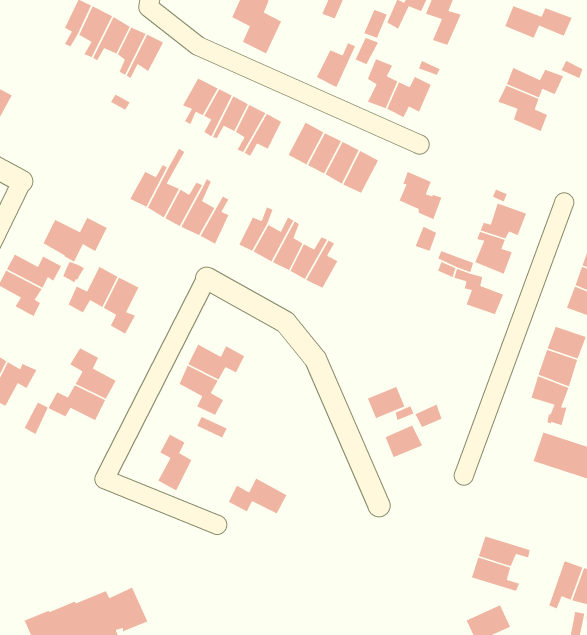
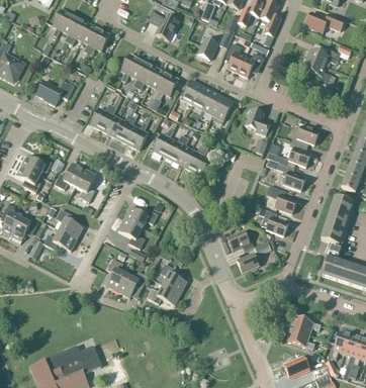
building: [43,217,108,263] -> [36,79,74,105]
building: none -> [266,185,296,213]
building: none -> [258,207,288,235]
building: none -> [160,263,187,293]
building: none -> [117,271,148,297]

